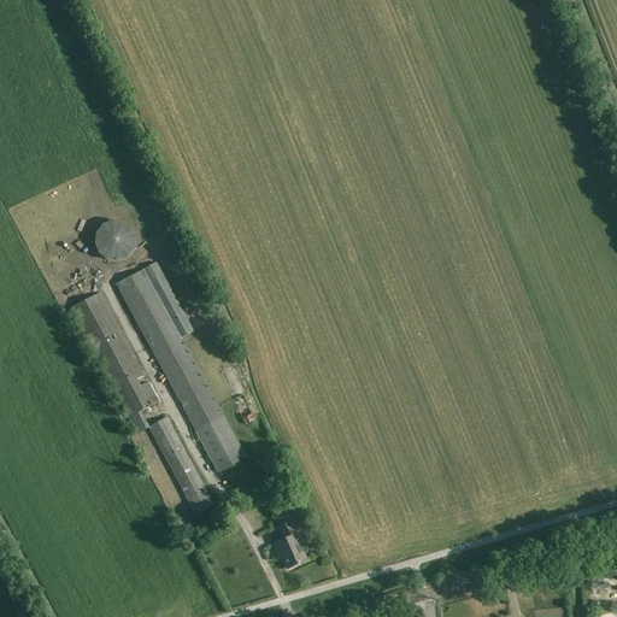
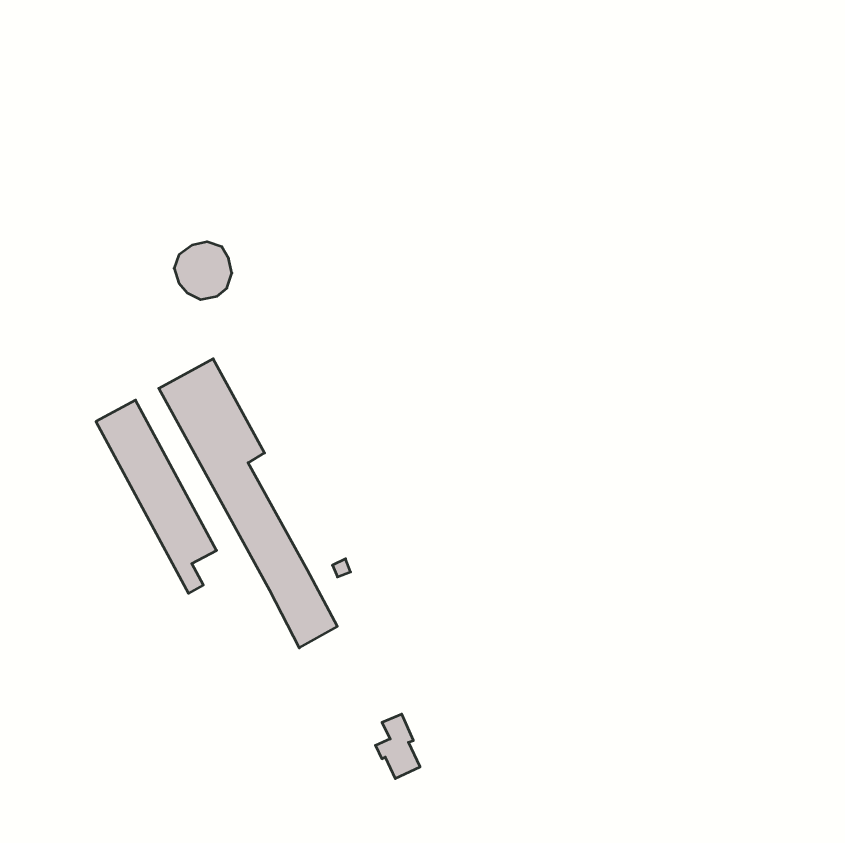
building: [94,219,136,262] -> [174,242,232,300]
building: [148,417,213,513] -> none

